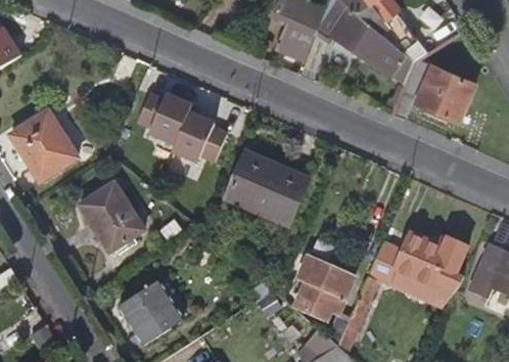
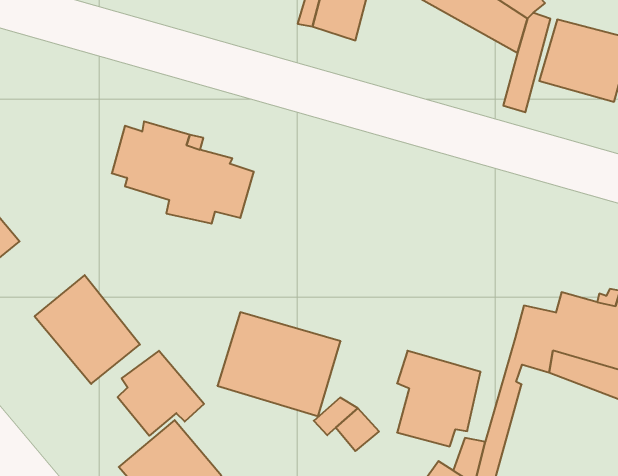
building: [227,153,308,225] -> [217,312,341,416]
building: none -> [118,351,204,436]

